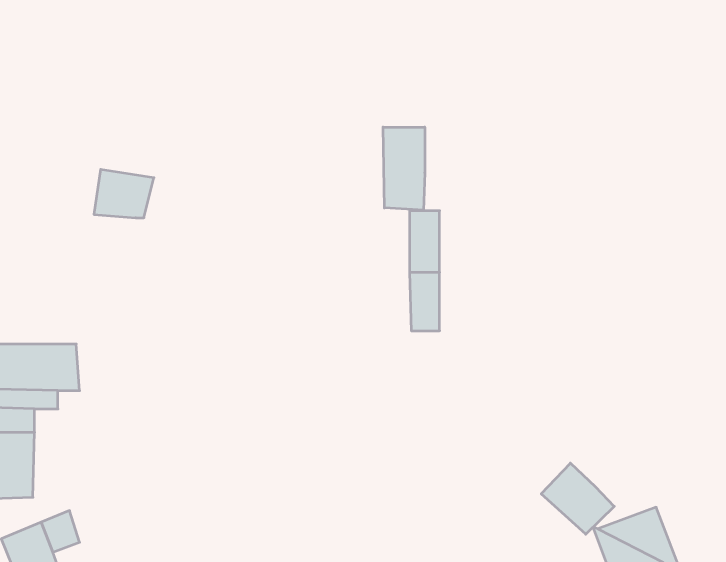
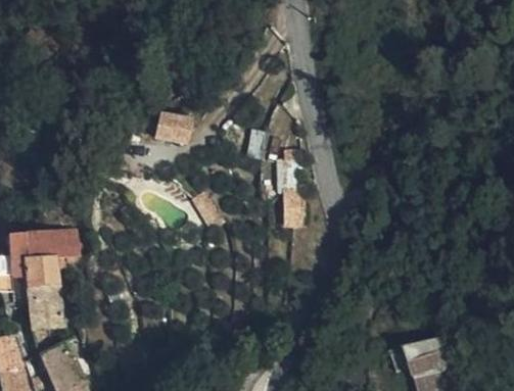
building: [383,127,425,210] -> none
building: [94,169,154,218] -> [152,113,189,143]
building: [541,463,614,534] -> none

